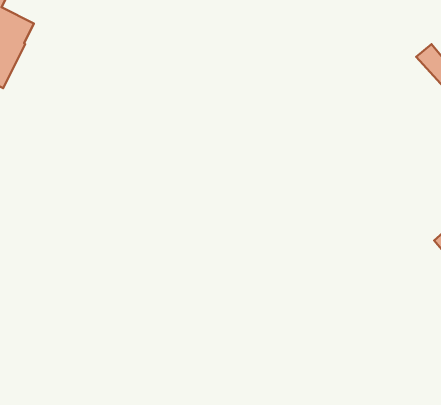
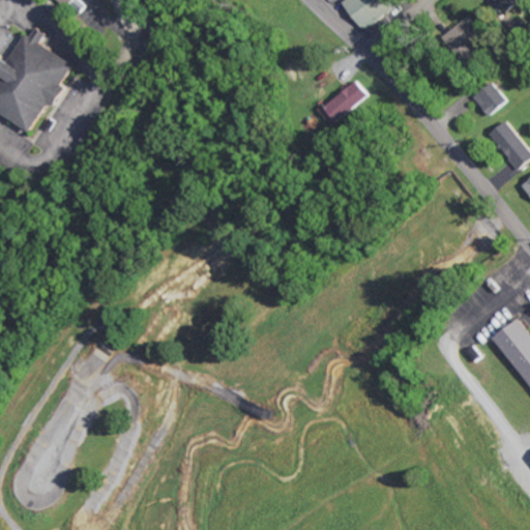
building: none -> [471,81,504,115]
building: none -> [324,79,367,122]

